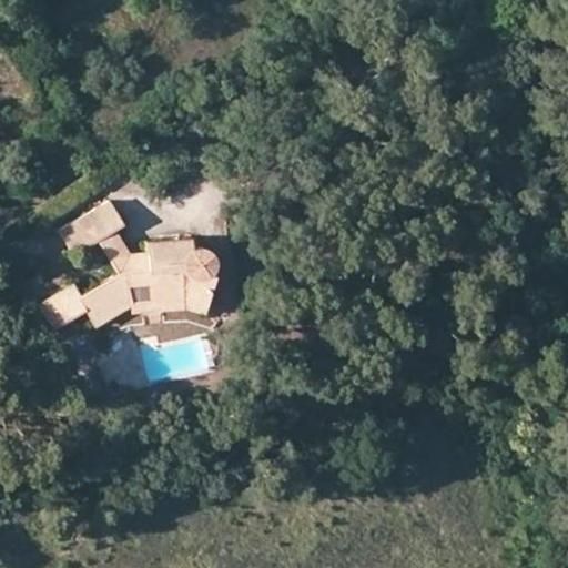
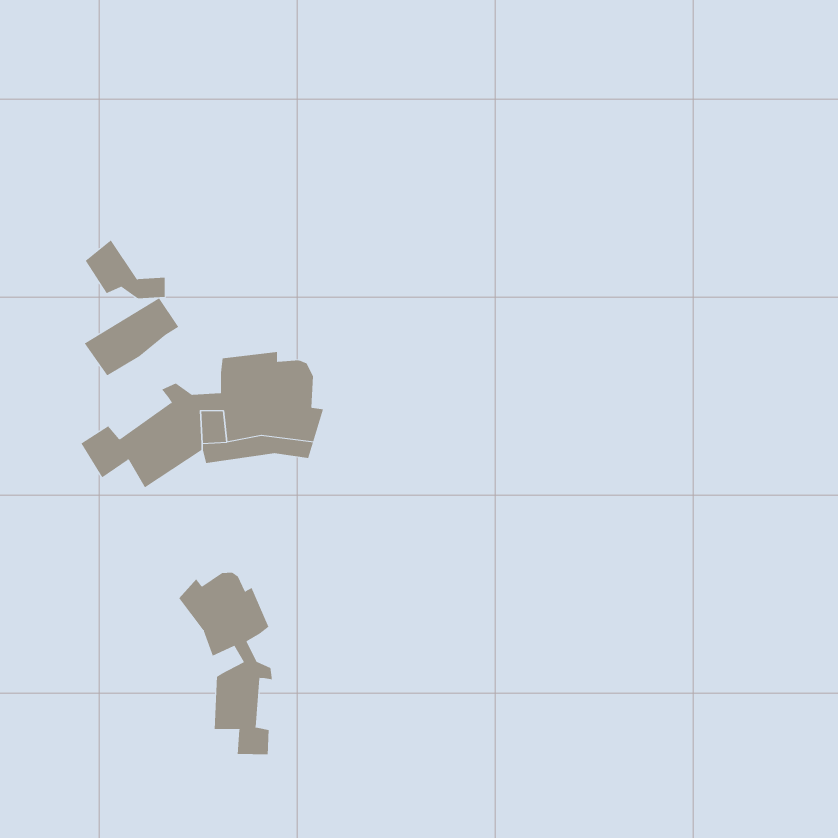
building: [95,227,150,267] -> [85,240,165,299]
building: none -> [178,572,272,755]

